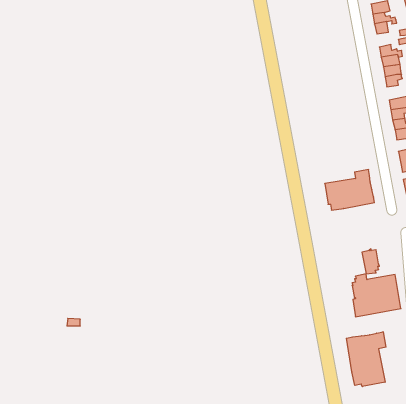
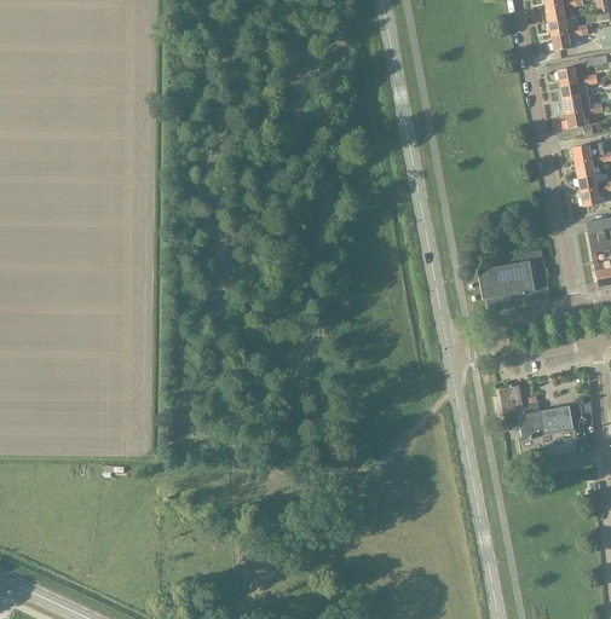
building: [362,249,379,274] -> [498,382,524,418]
building: [346,332,386,387] -> none

